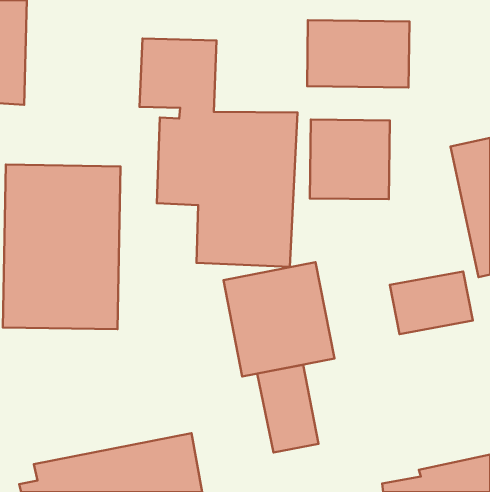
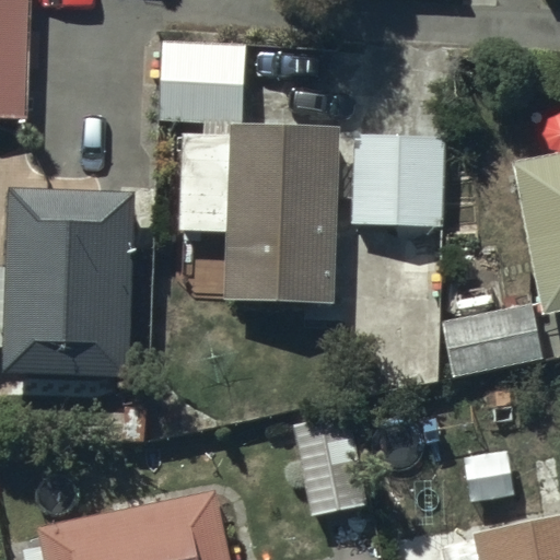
building: [307,20,409,88] -> none
building: [223,262,334,376] -> none

